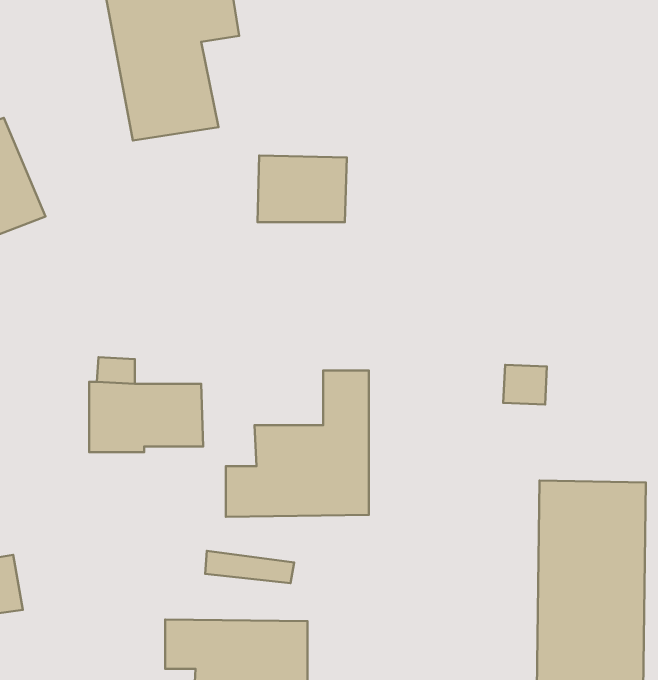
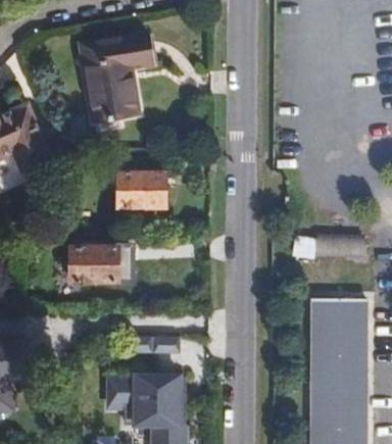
building: [257,155,347,222] -> [116,175,164,210]
building: [226,370,369,517] -> none

